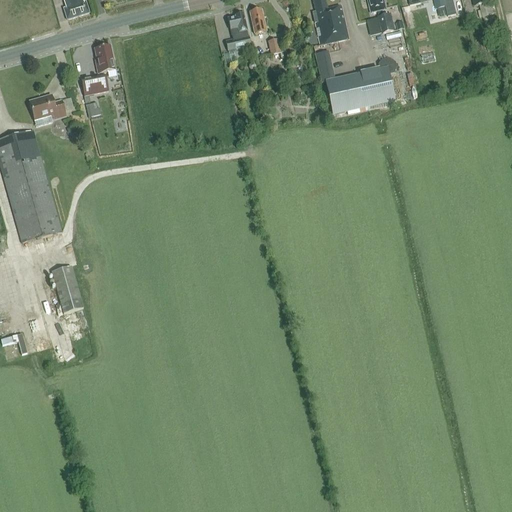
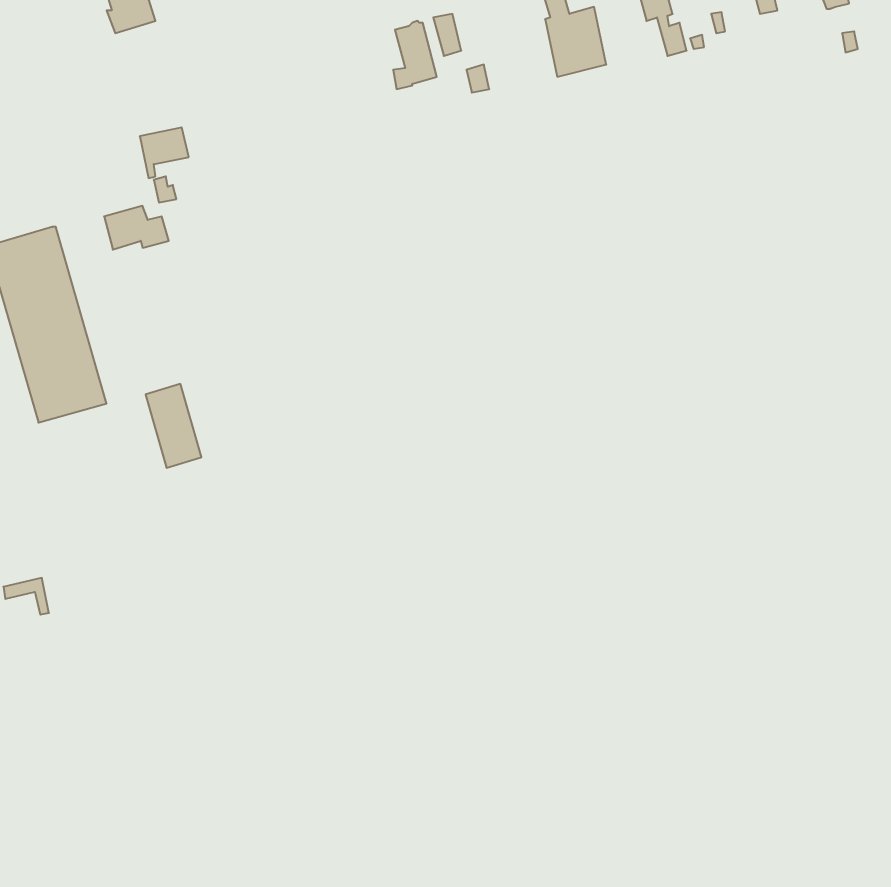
building: [94,44,116,74] -> none
building: [313,50,395,113] -> none
building: [28,94,65,119] -> [104,206,169,250]
building: [50,265,82,313] -> [146,384,201,468]

